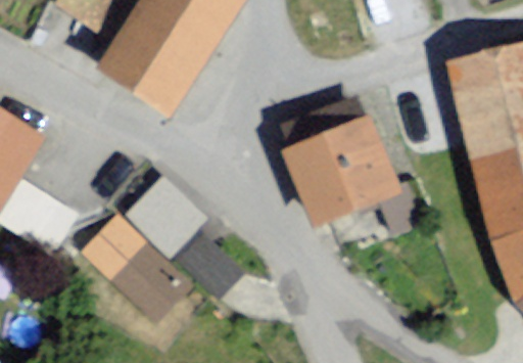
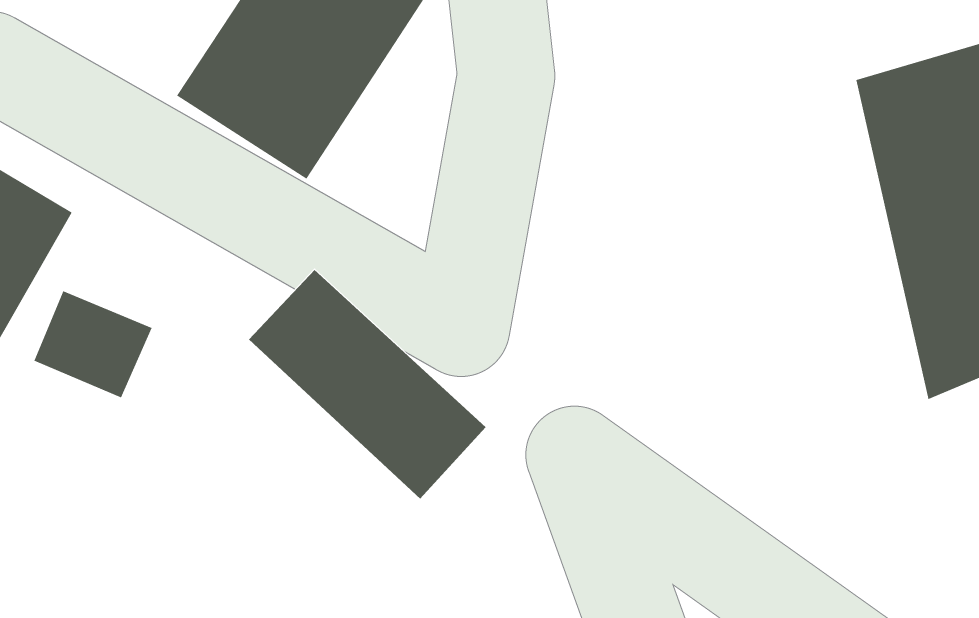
building: [285,117,397,227] -> none
building: [83,199,198,314] -> none

